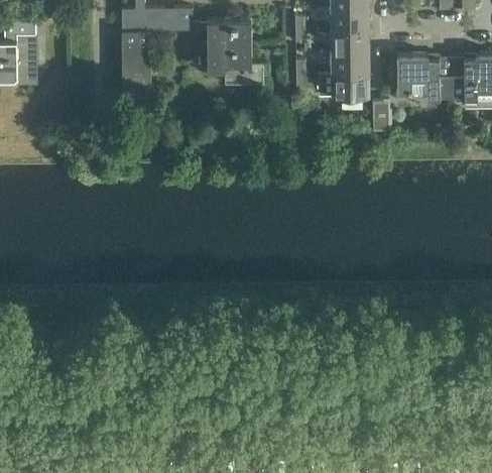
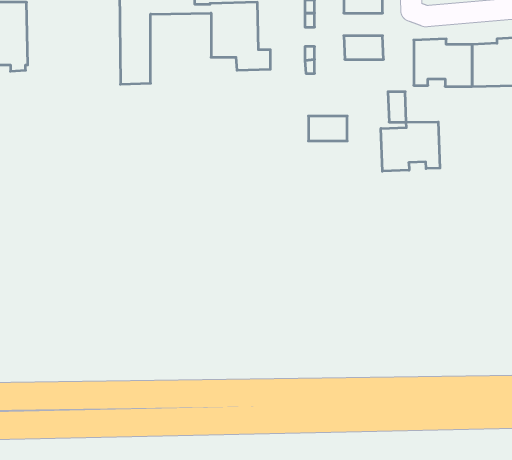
building: [332,30,368,51] -> none
building: [333,74,369,97] -> [308,116,347,141]
building: none -> [381,122,440,171]

